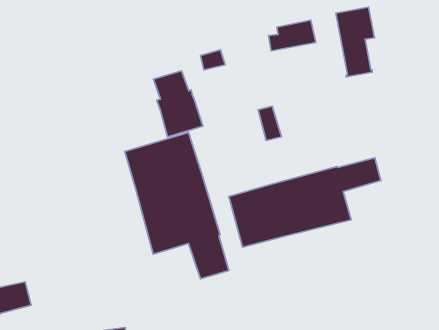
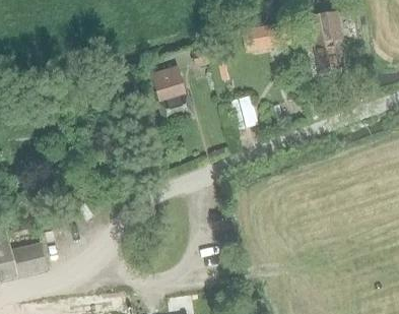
building: [125,132,229,279] -> none
building: [229,158,381,247] -> none

